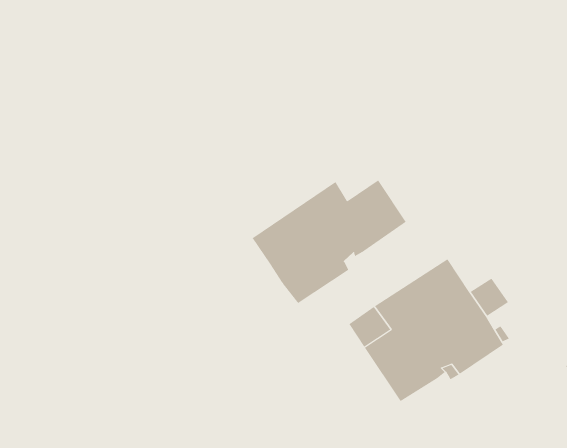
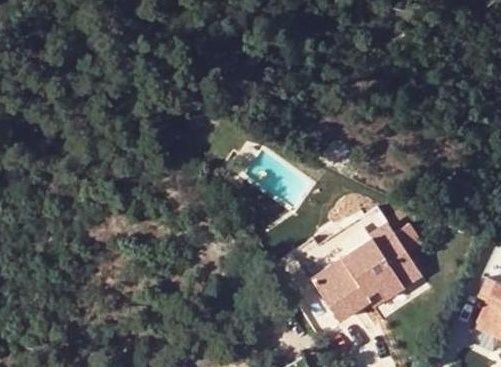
building: [252,180,407,304] -> none

